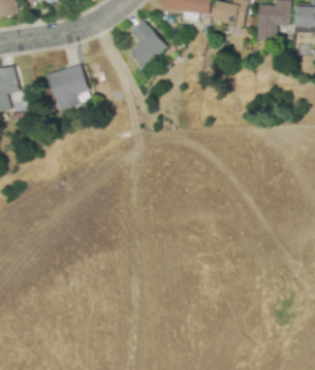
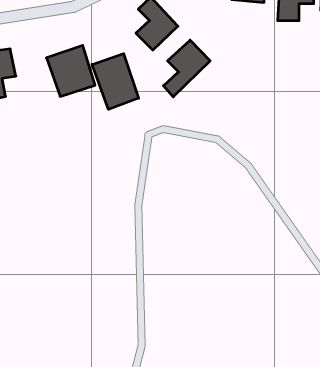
building: none -> [163,40,210,97]
building: none -> [92,54,139,109]

